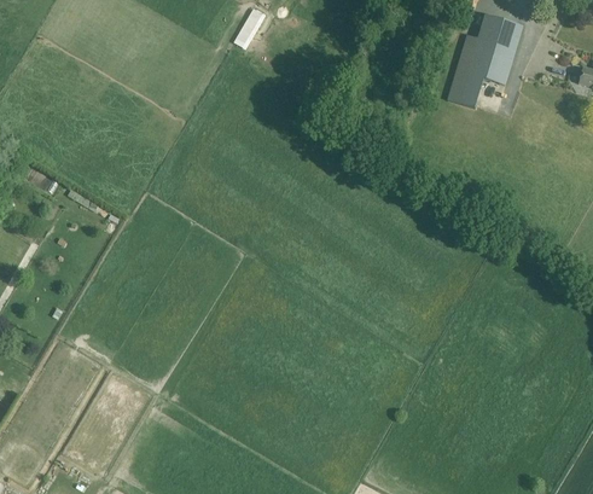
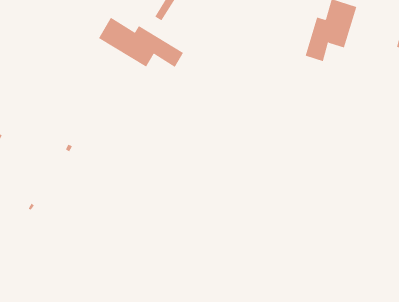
building: none -> [98,17,184,68]

